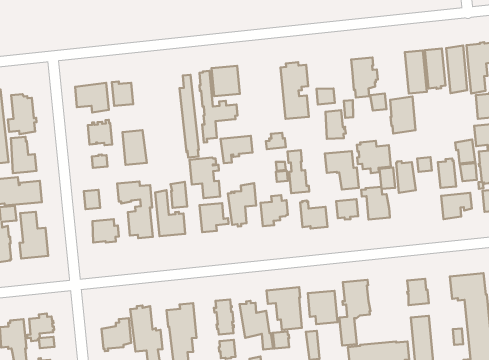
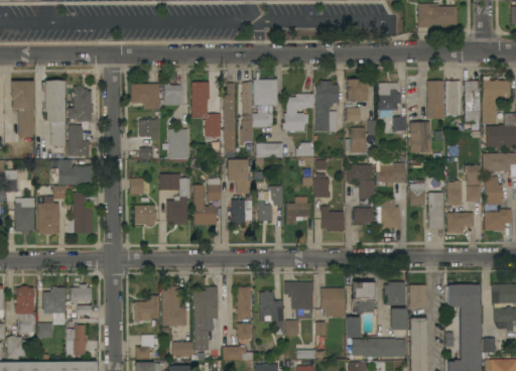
building: none -> [347,79,368,102]
building: none -> [192,83,221,140]
building: none -> [283,94,314,132]
building: none -> [428,193,443,230]
building: none -> [385,282,406,336]

